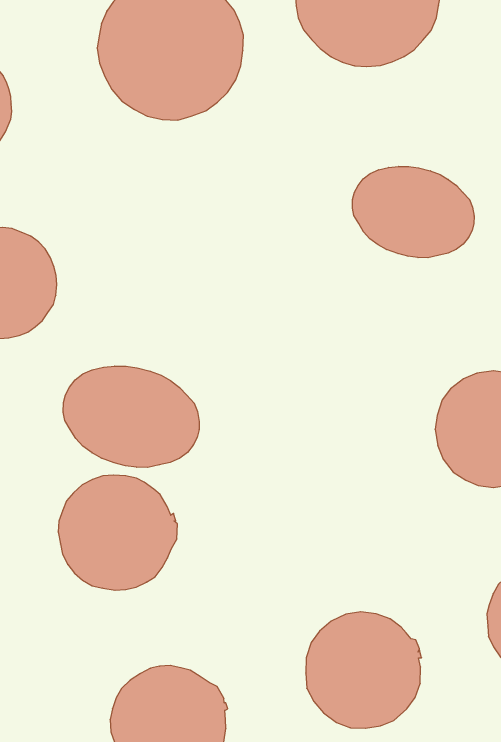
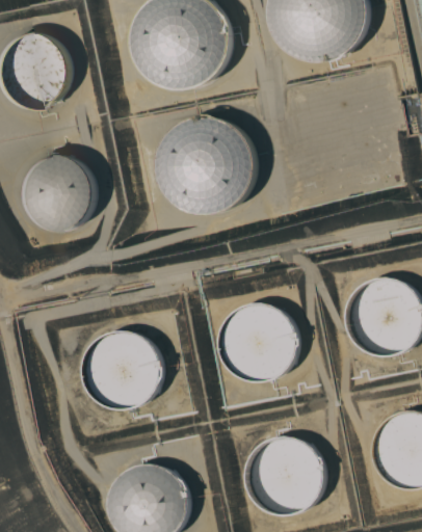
building: none -> [159,113,258,215]
building: [352,166,474,258] -> none
building: [63,366,199,467] -> none
building: none -> [220,302,301,382]

